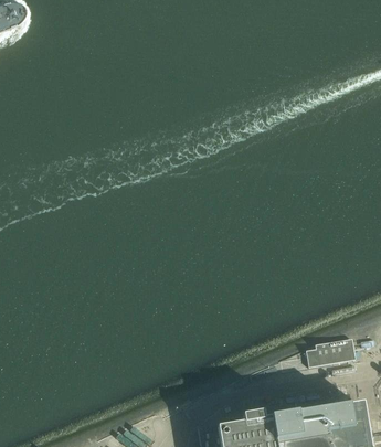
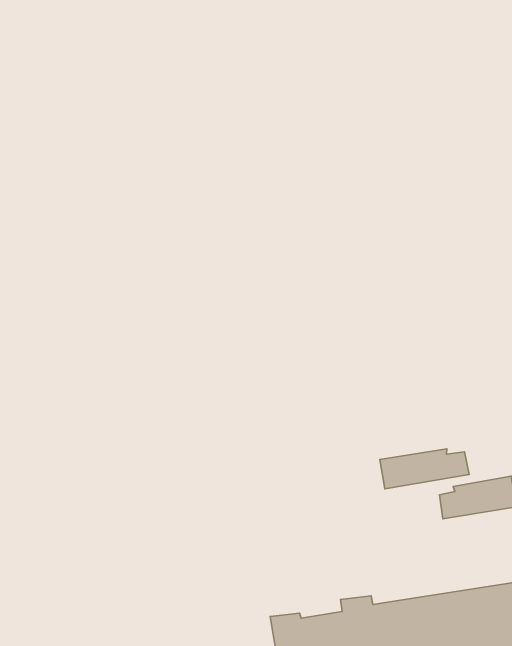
building: none -> [380,449,469,489]

